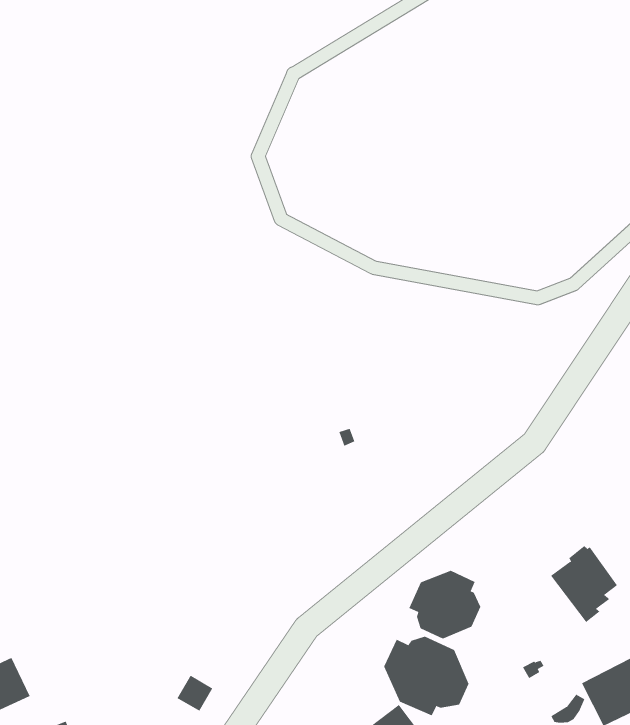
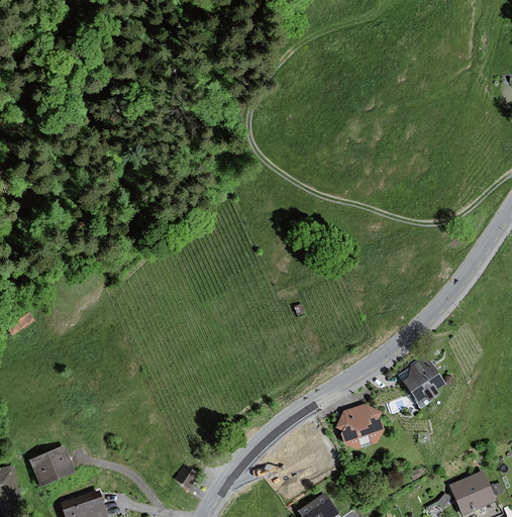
building: [550,545,618,623] -> [399,356,444,409]
building: [384,636,469,716] -> none

